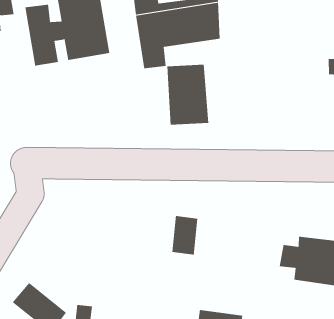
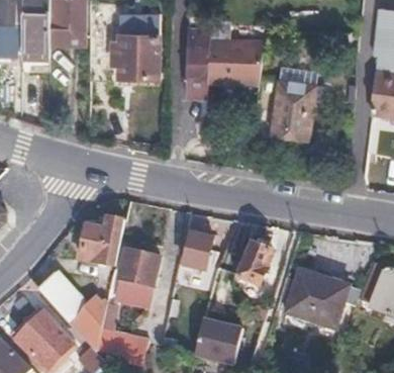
building: [167,64,209,125] -> [274,82,314,139]
building: none -> [80,215,125,266]
building: none -> [238,240,274,282]
building: none -> [114,250,159,309]

